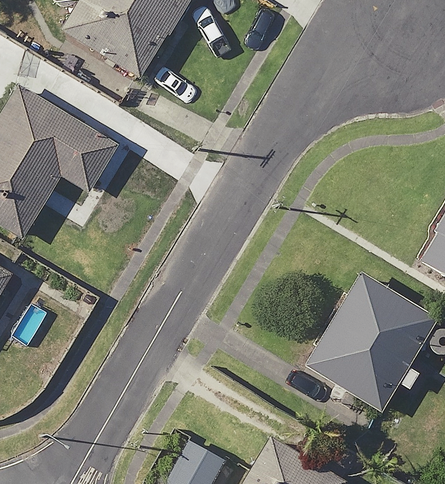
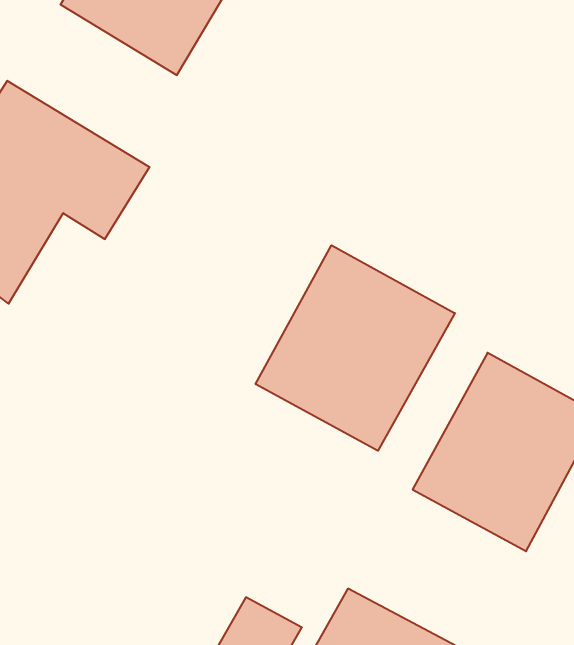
building: none -> [256,245,455,451]

